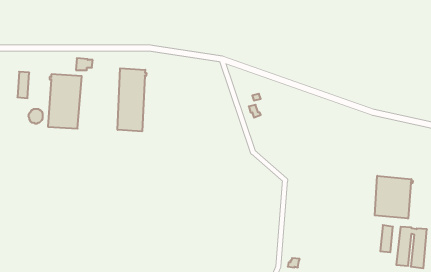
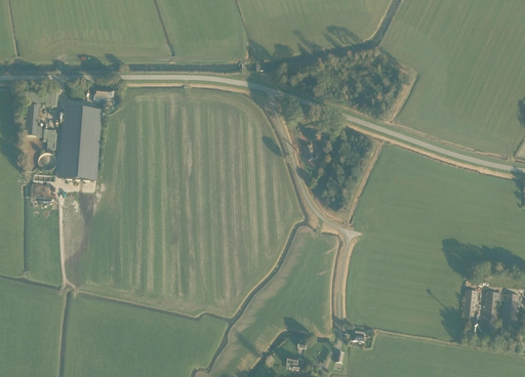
building: [118,68,146,131] -> none
building: [375,176,413,219] -> none

